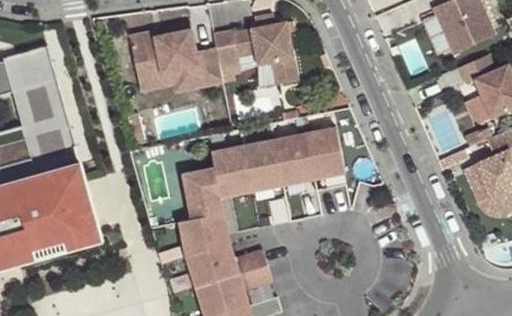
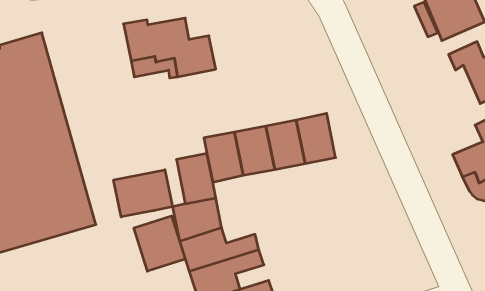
building: [212,22,297,84] -> none
building: none -> [114,170,173,217]
building: none -> [134,216,185,271]

